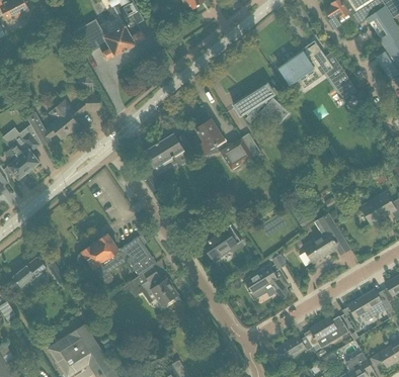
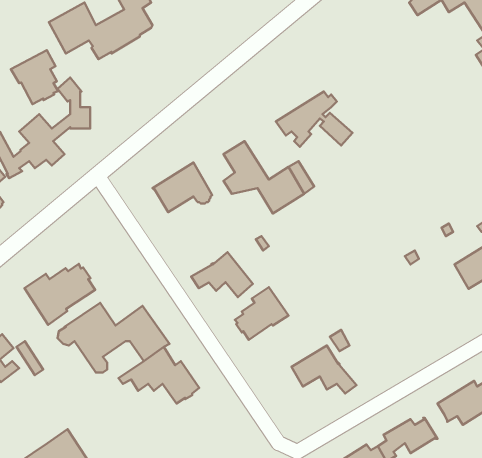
building: [280,49,360,100] -> none
building: none -> [11,50,58,104]
building: none -> [191,252,253,297]
building: none -> [24,264,95,325]
building: [303,213,349,263] -> none

